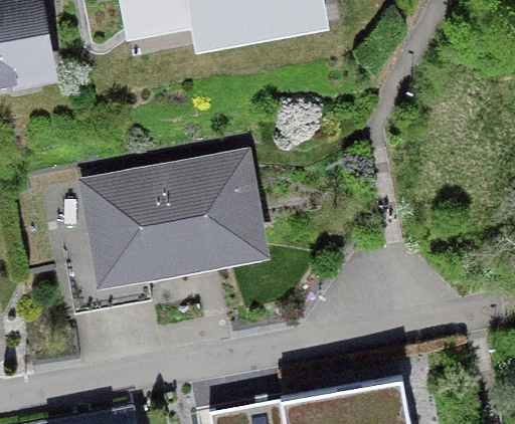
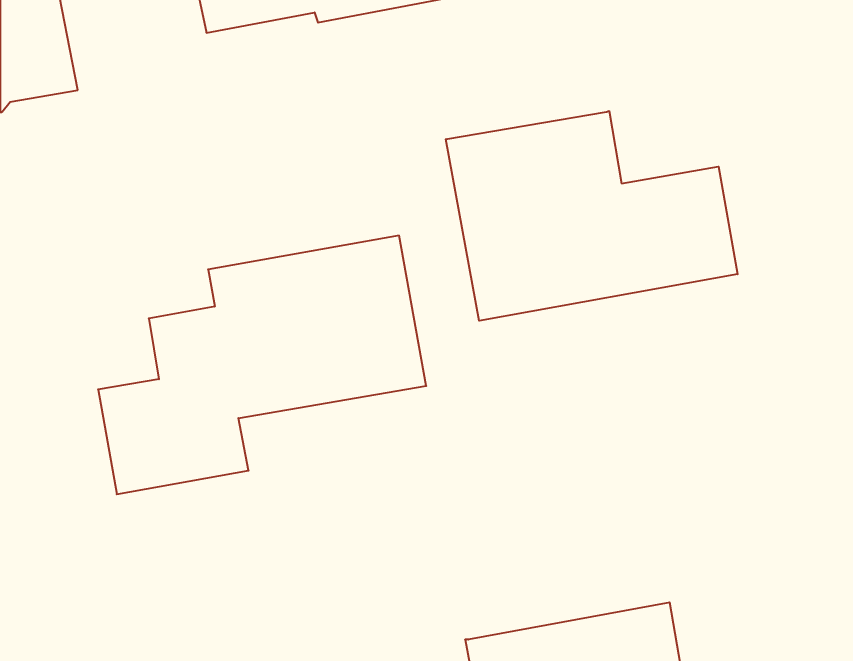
building: none -> [446,111,738,321]

